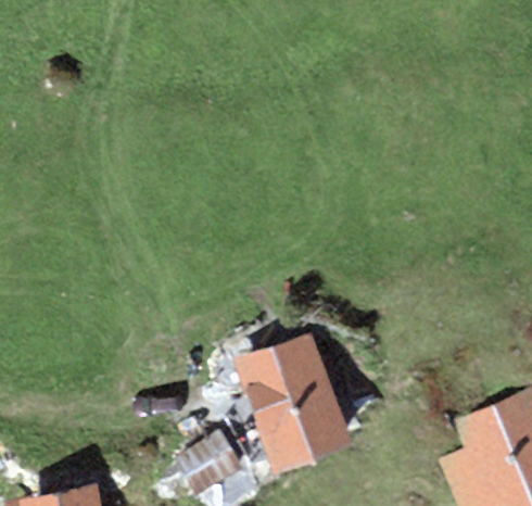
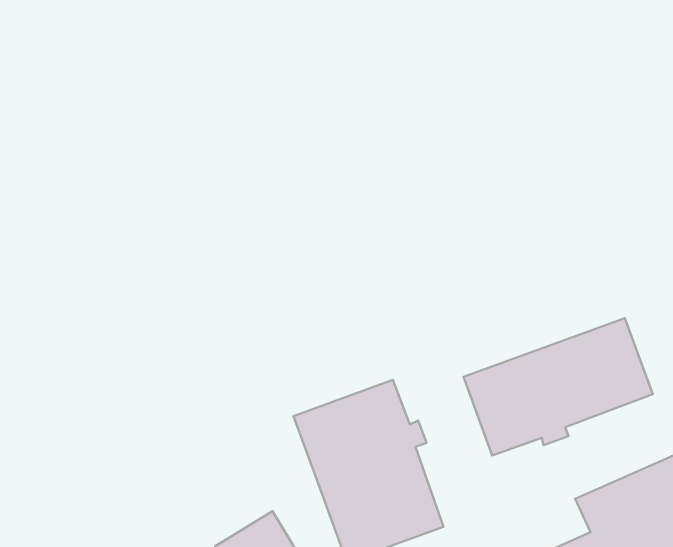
building: none -> [463,318,653,456]

